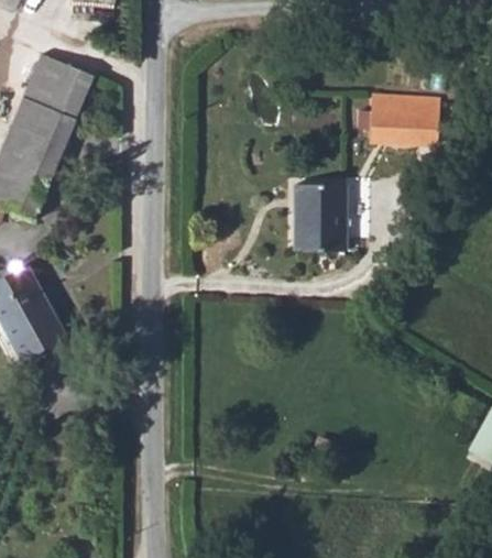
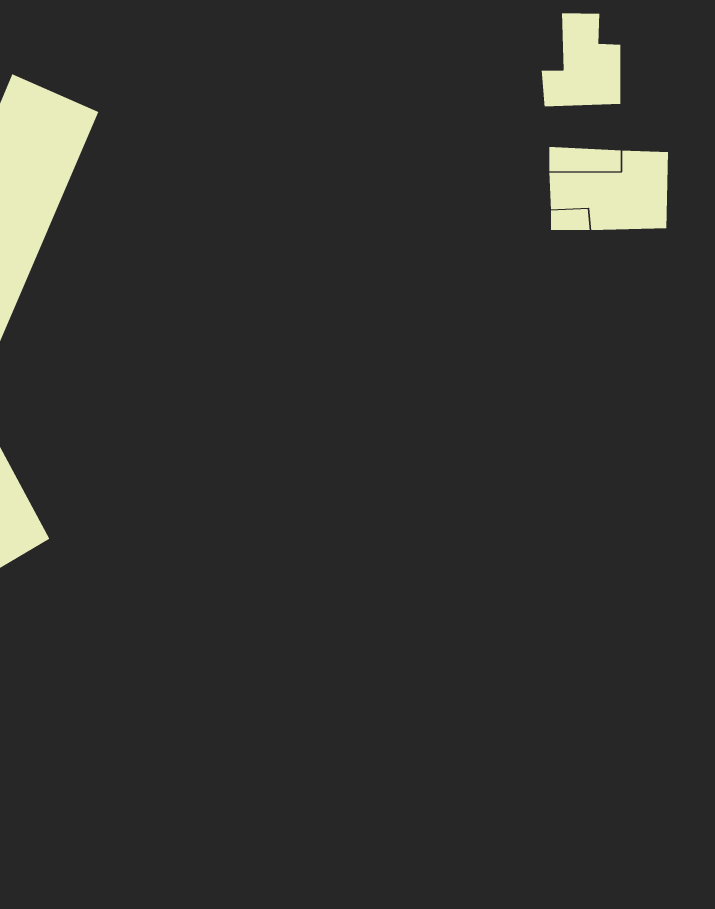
building: none -> [541,13,621,107]
building: [297,179,348,245] -> none

